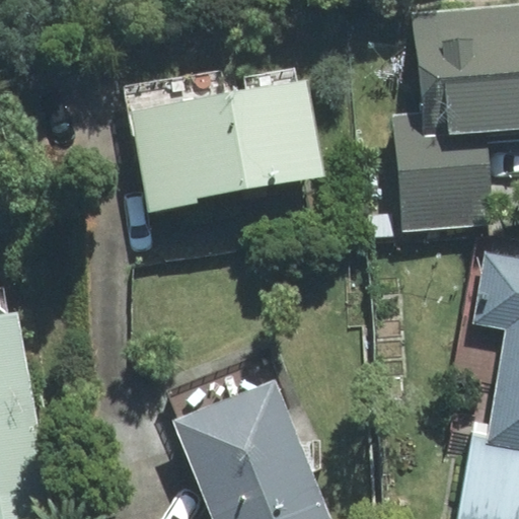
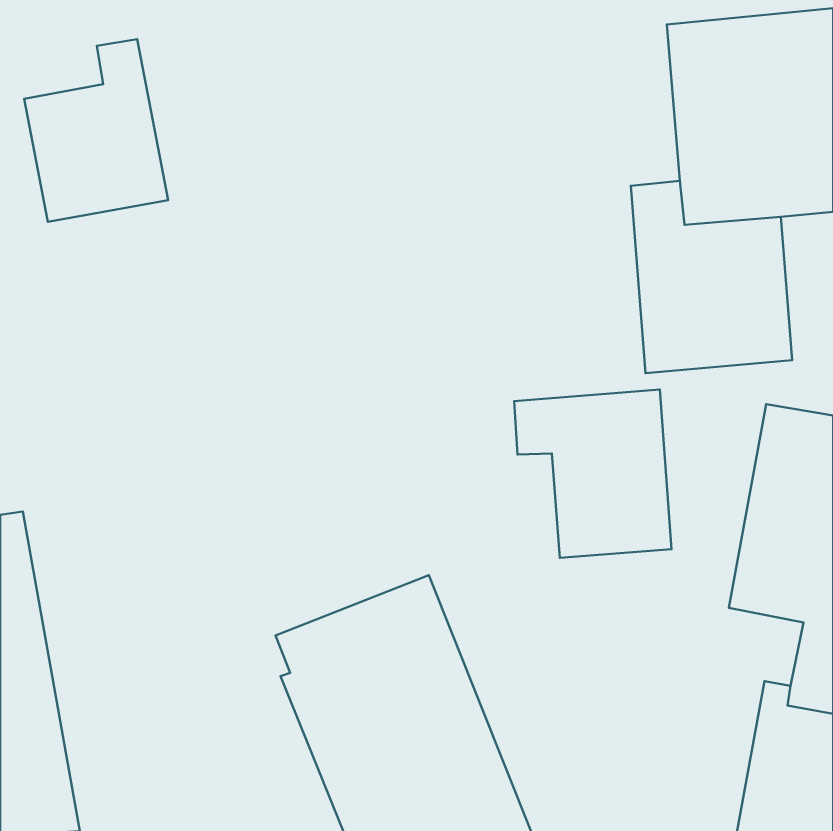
building: none -> [24,39,168,222]
building: [129,70,323,212] -> none
building: none -> [514,389,671,558]

